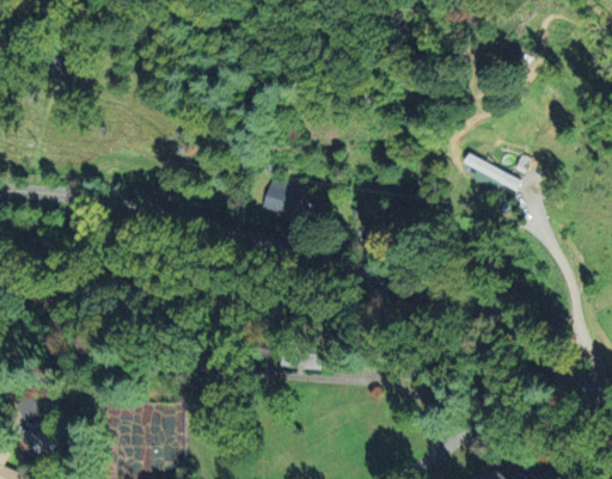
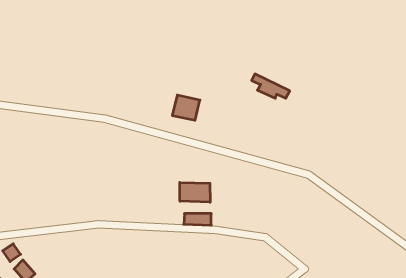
building: [461,153,518,189] -> [252,74,290,98]
building: none -> [180,182,210,202]

